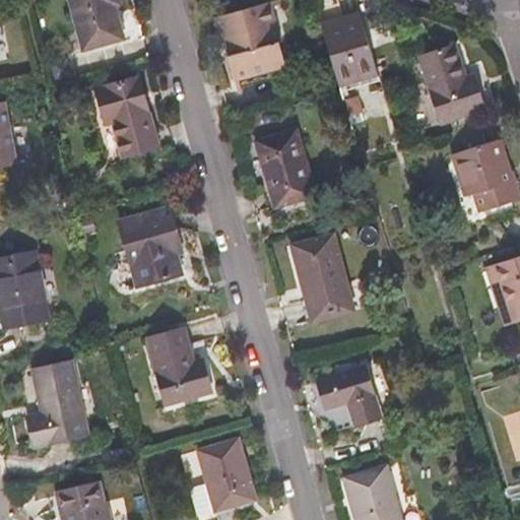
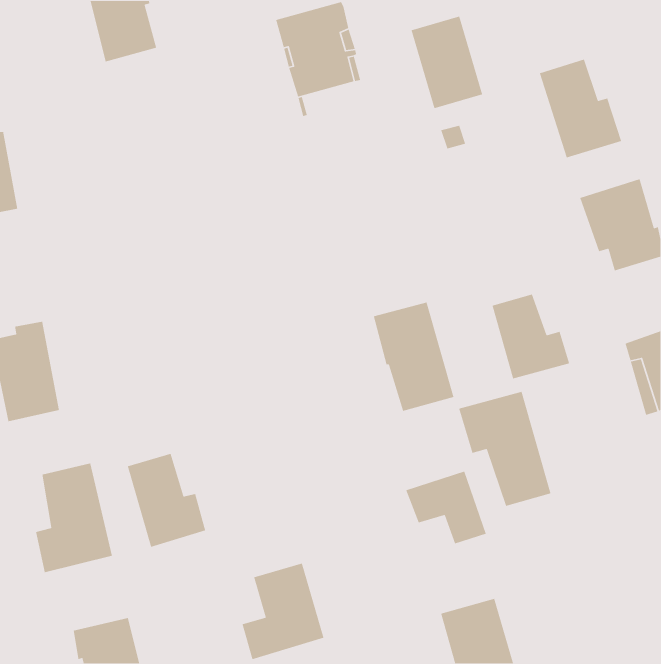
building: [96,75,156,155] -> none
building: [256,130,317,208] -> none
building: [119,208,182,285] -> none
building: none -> [491,294,570,380]
building: none -> [458,391,551,507]
building: [148,330,210,404] -> [127,453,206,548]

